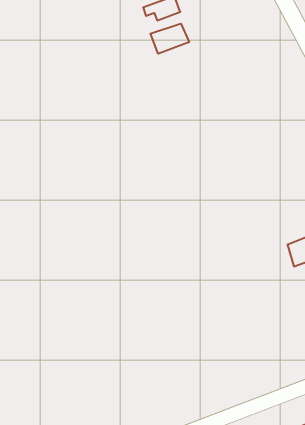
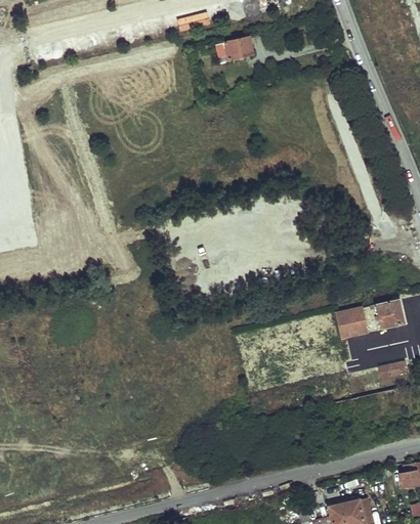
building: [150,24,189,54] -> none

